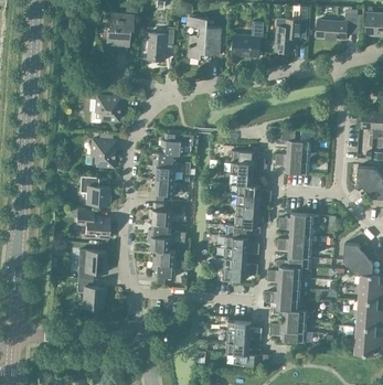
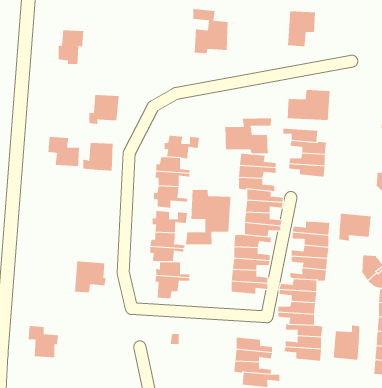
building: [108,13,132,45] -> [58,30,84,64]
building: [317,14,358,39] -> none
building: [233,22,265,57] -> none
building: [148,30,174,61] -> none
building: none -> [287,89,330,121]
building: none -> [225,118,272,154]
building: [79,177,109,204] -> [48,137,80,166]
building: none -> [185,189,231,245]
building: none -> [339,213,371,241]
building: [77,210,109,237] -> none
building: [77,278,106,308] -> [28,326,59,358]
building: none -> [333,324,360,360]

